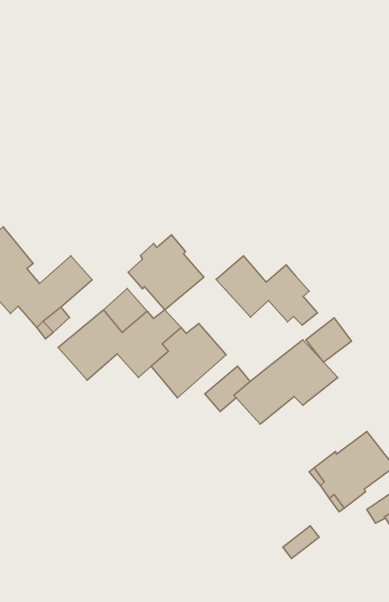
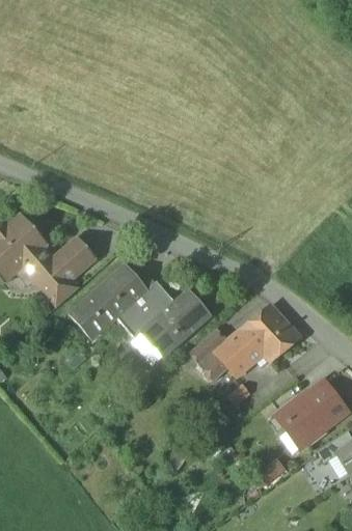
building: [128,235,204,310] -> none
building: [216,256,317,325] -> none
building: [306,318,351,362] -> none

